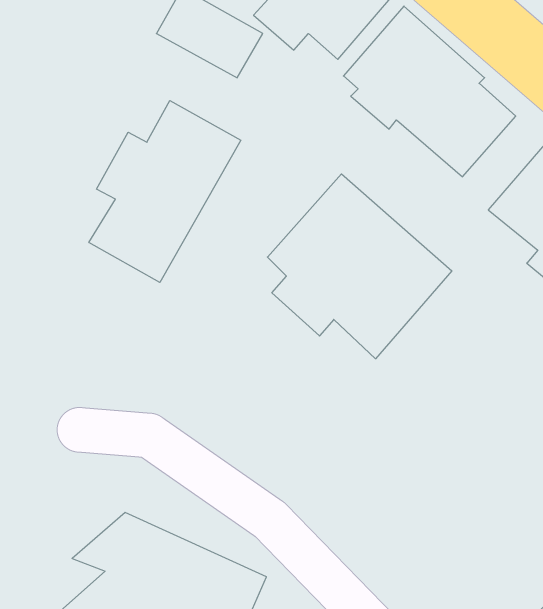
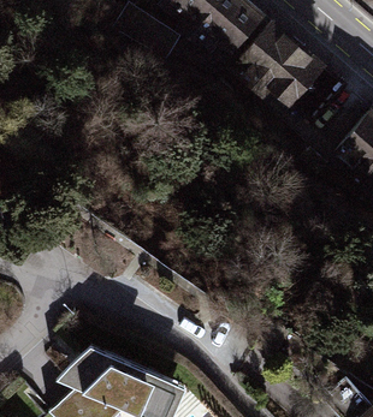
building: [89,101,241,282] -> none
building: [267,174,452,359] -> none

